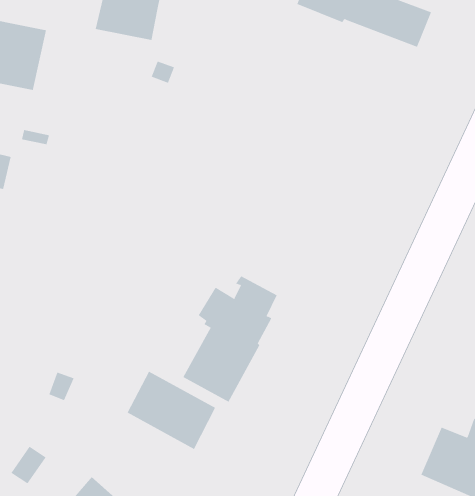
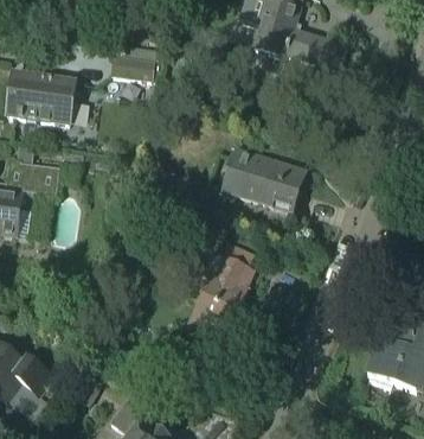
building: none -> [224,148,304,211]
building: [127,371,216,450] -> none

